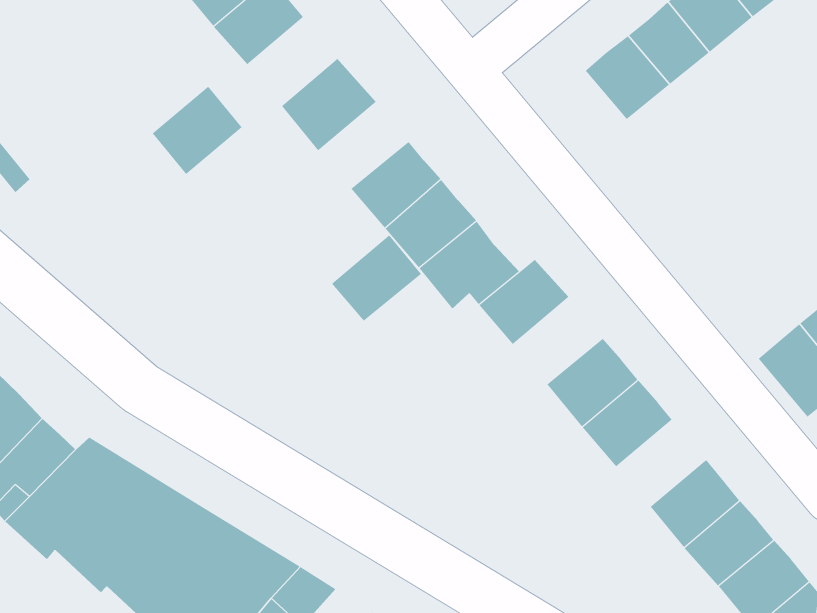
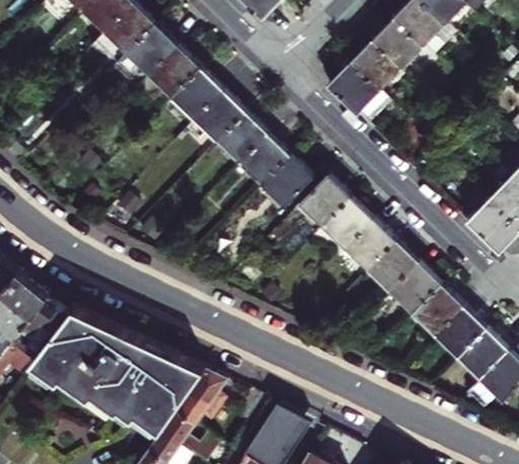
building: none -> [326,64,375,111]
building: [152,86,242,175] -> [149,49,202,102]
building: [331,234,422,322] -> [196,94,248,147]
building: none -> [321,198,374,250]
building: none -> [389,263,442,316]

